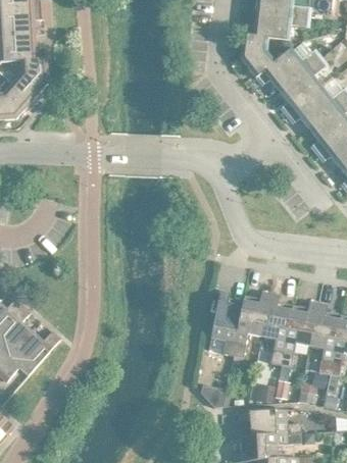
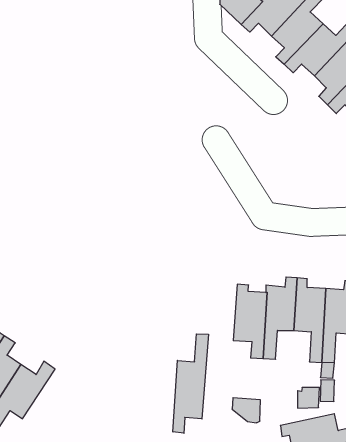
building: none -> [173,334,208,433]

